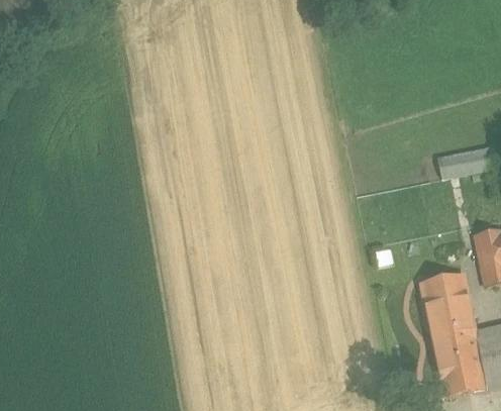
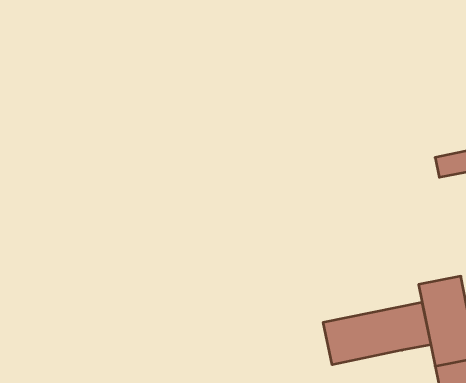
building: none -> [323,302,431,365]

